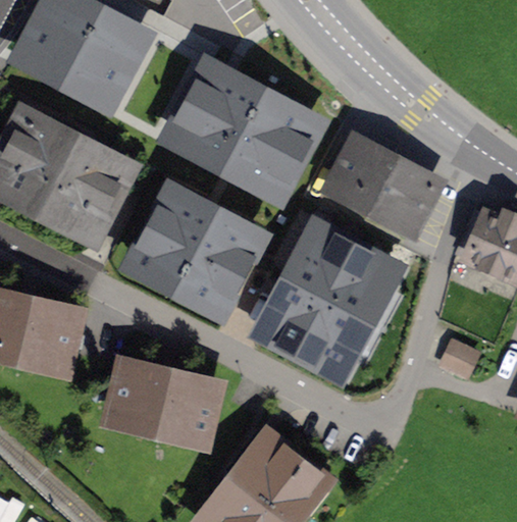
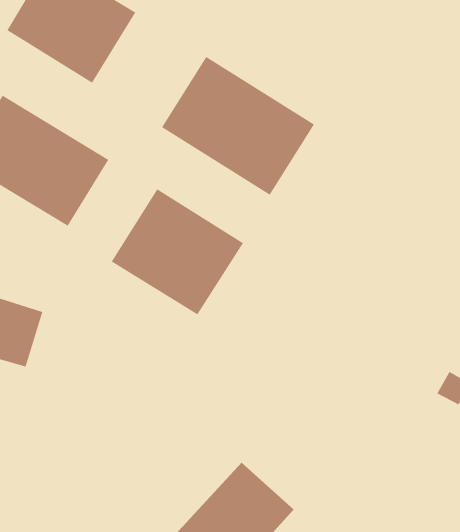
building: [334,144,435,227] -> none
building: [265,230,393,370] -> none
building: [114,366,215,439] -> none

